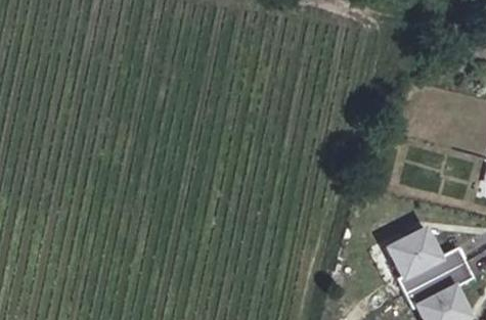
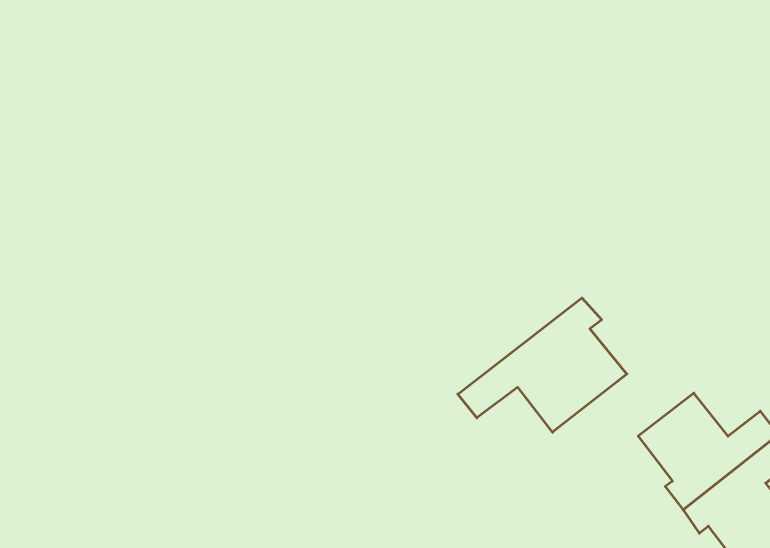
building: none -> [458,298,627,432]

